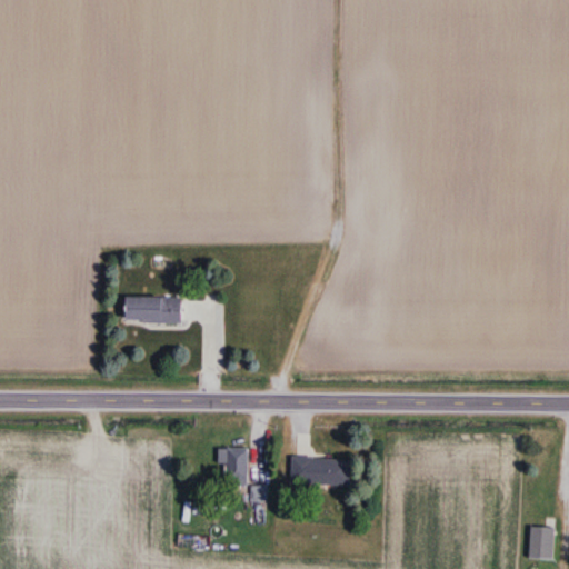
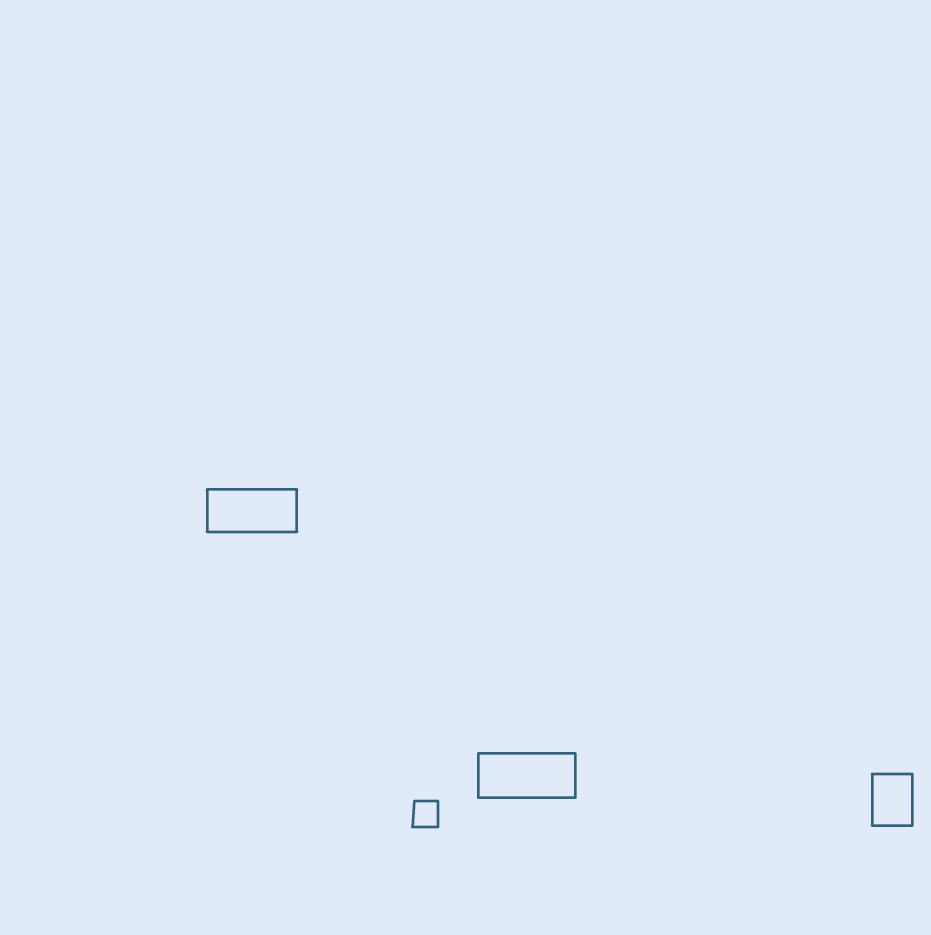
building: [218,449,248,481] -> none
building: [527,526,551,557] -> [872,774,912,825]

